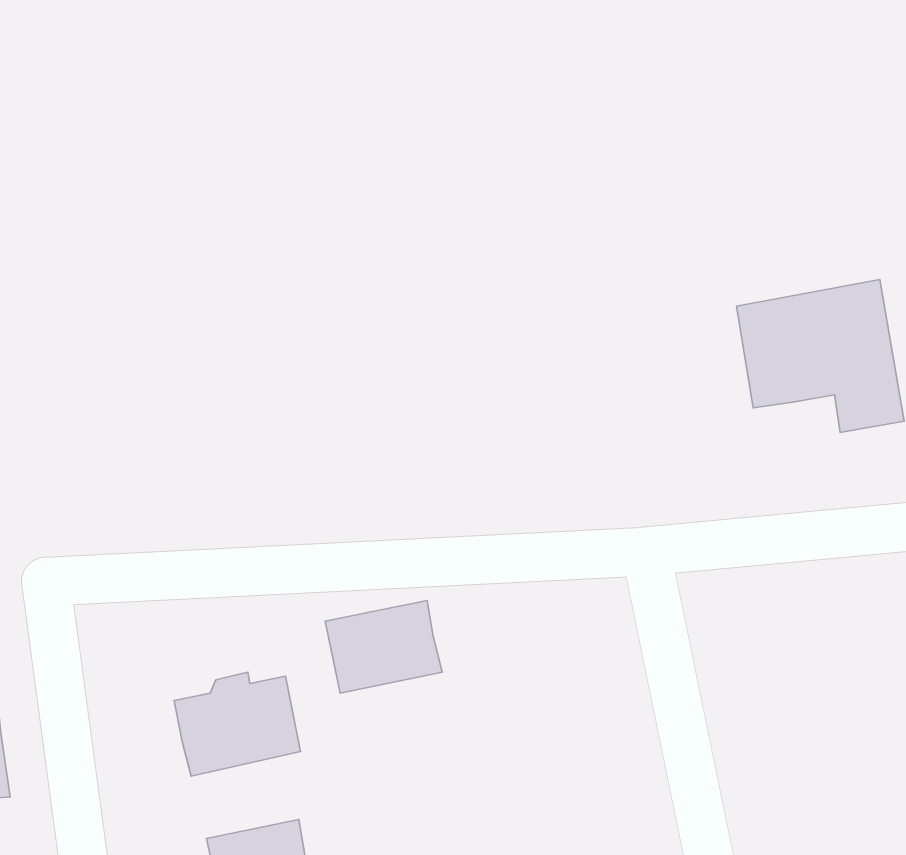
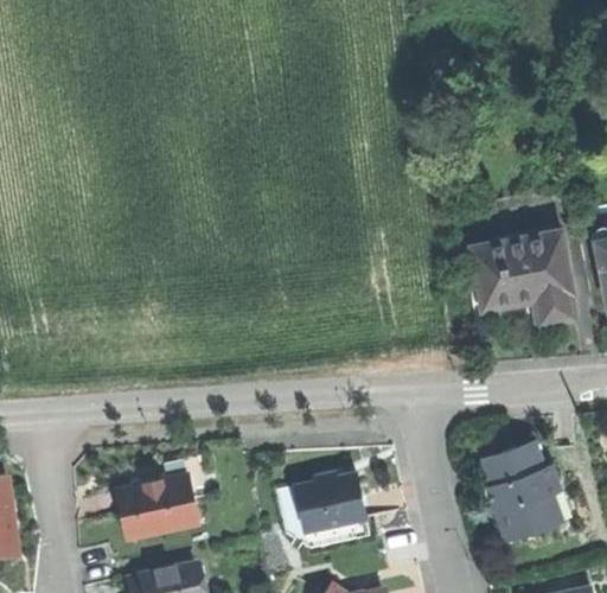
building: [325,601,442,693] -> [293,473,366,531]
building: none -> [484,445,561,542]

